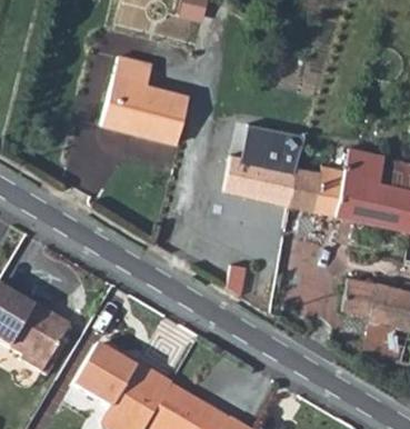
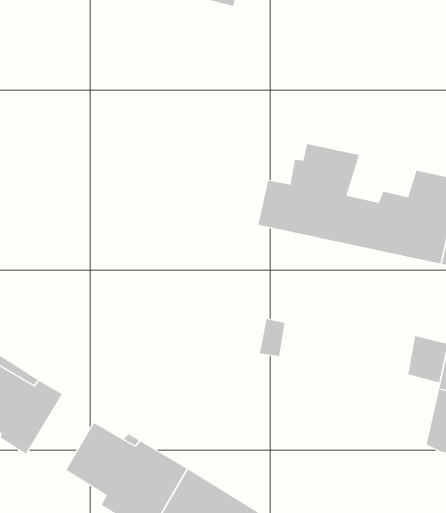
building: [103,57,189,144] -> none

